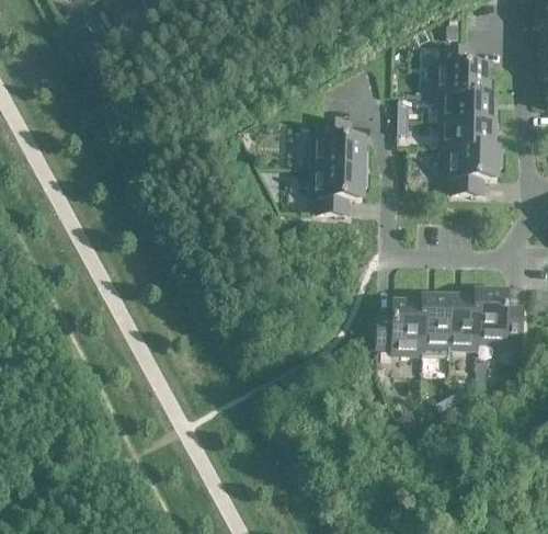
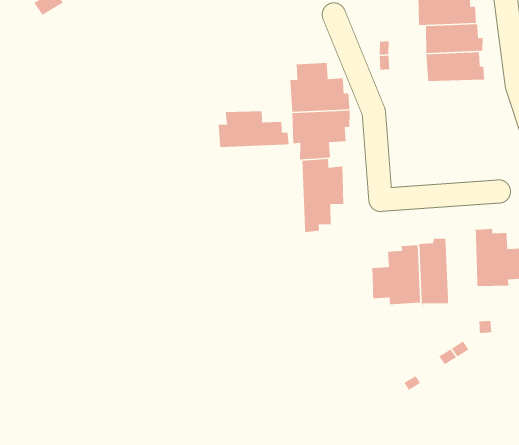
building: [443,146,506,192] -> none
building: none -> [218,110,292,148]
building: none -> [301,158,344,236]
building: [450,283,479,356] -> none

